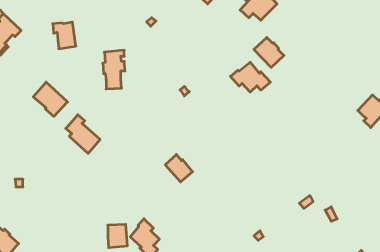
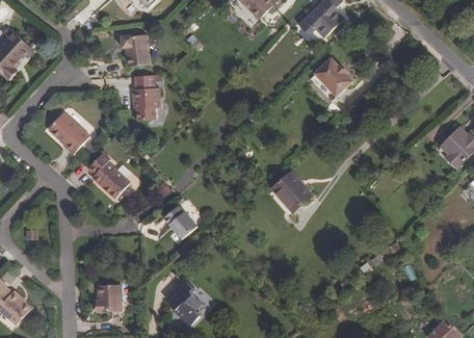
building: [53,22,76,49] -> [121,34,149,67]
building: [230,62,270,92] -> none
building: none -> [271,174,311,212]
building: [165,154,193,182] -> [163,205,196,238]
building: [108,224,127,248] -> [98,284,122,312]

